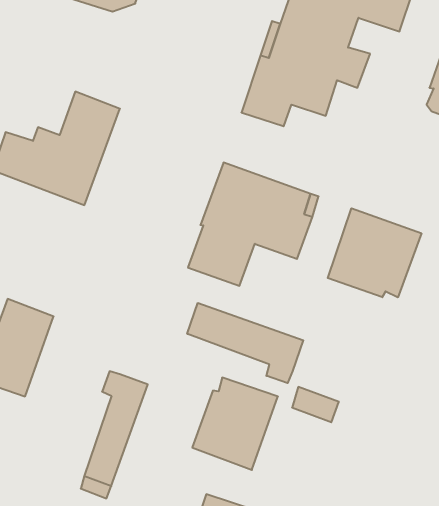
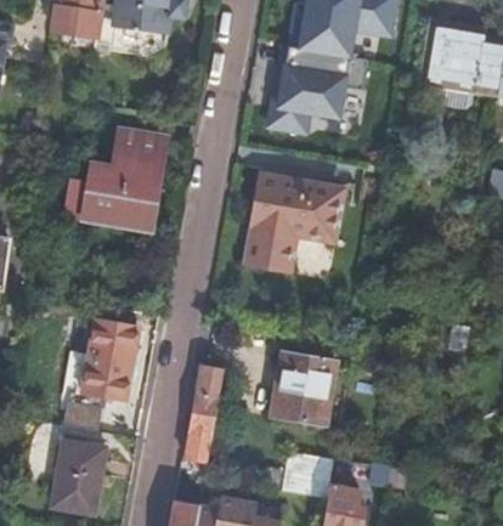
building: [328,208,421,297] -> none
building: [187,303,303,383] -> none

